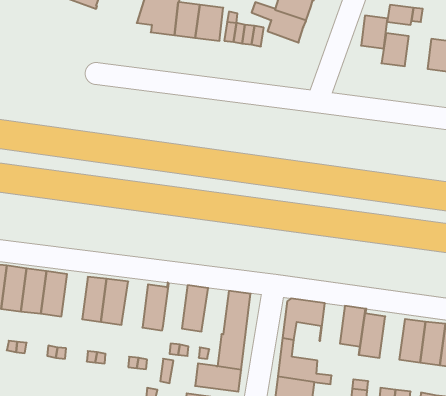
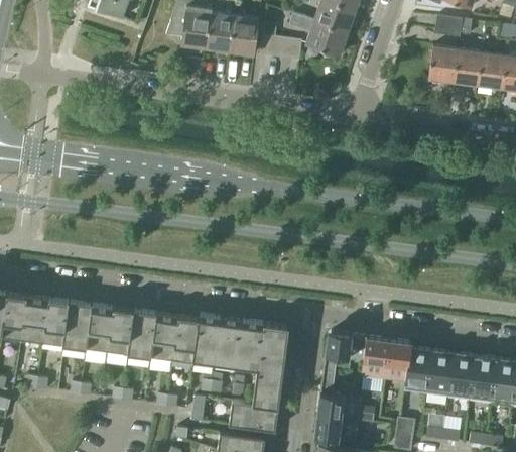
building: [361,16,387,48] -> [454,49,482,85]
building: none -> [86,305,114,353]
building: none -> [150,313,178,362]
building: none -> [195,315,221,363]
building: none -> [236,320,265,369]
building: none -> [363,336,389,379]
building: none -> [426,350,454,397]

